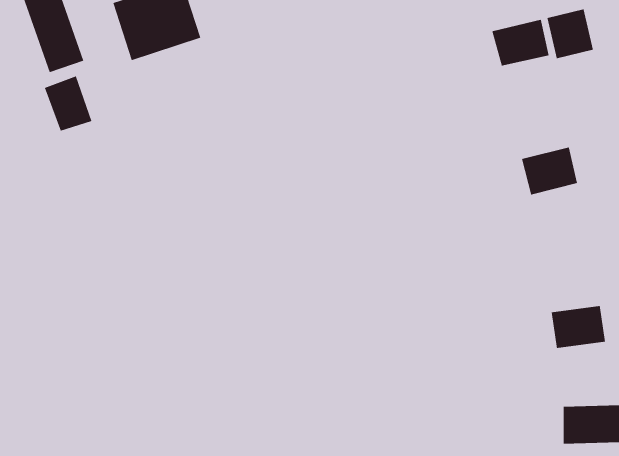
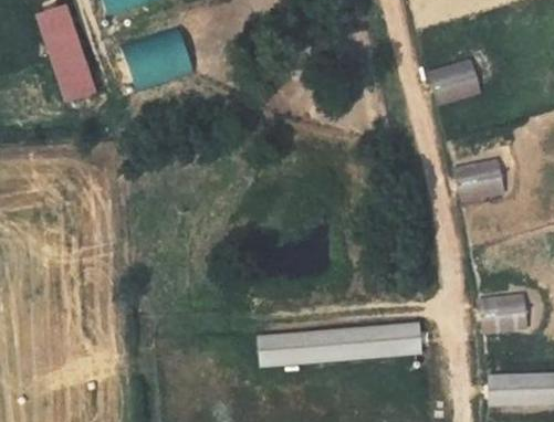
building: [547,9,594,59] -> none
building: [44,76,92,132] -> none
building: none -> [260,323,418,365]

